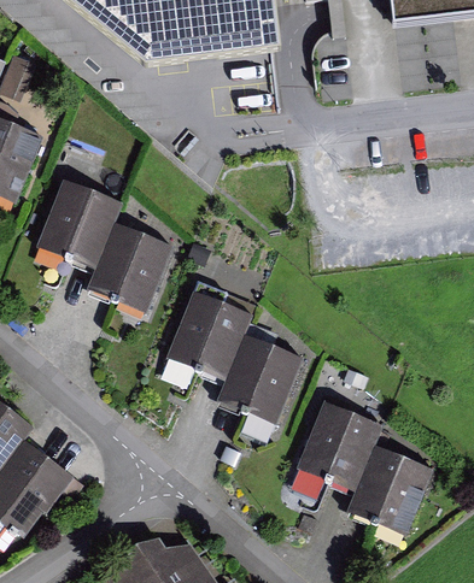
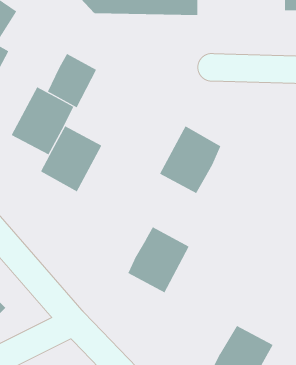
building: none -> [47,53,97,108]
building: [177,289,253,376] -> [159,125,221,194]
building: [304,402,380,488] -> none

